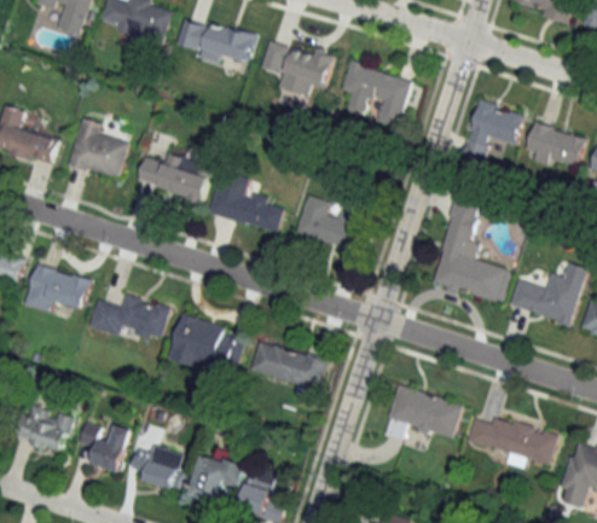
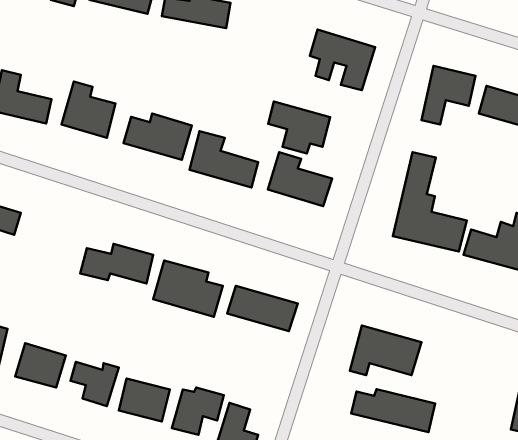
building: [262,39,330,95] -> [268,102,330,154]
building: [23,265,89,314] -> none
building: [465,418,557,465] -> [351,389,435,432]

